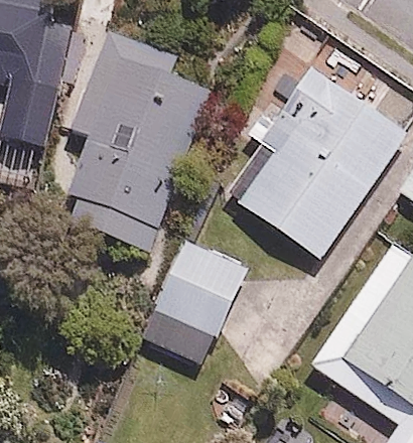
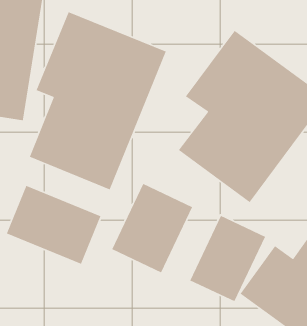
building: none -> [6,185,101,265]
building: none -> [189,215,266,302]

